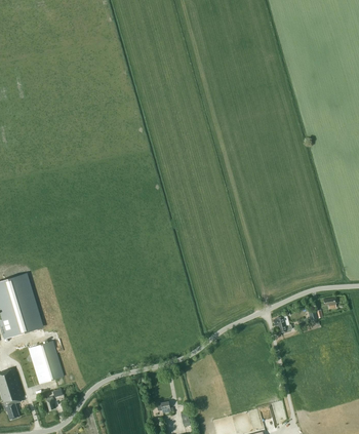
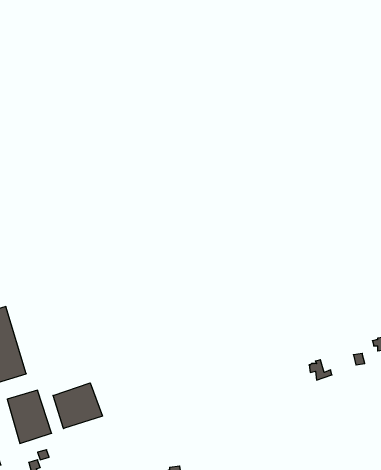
building: none -> [53,383,103,429]

